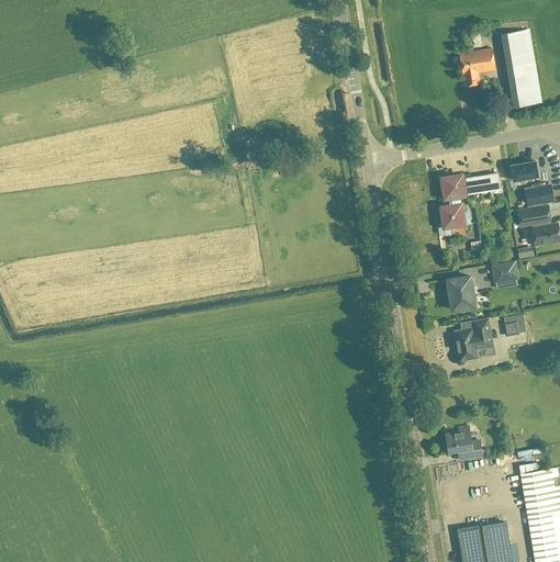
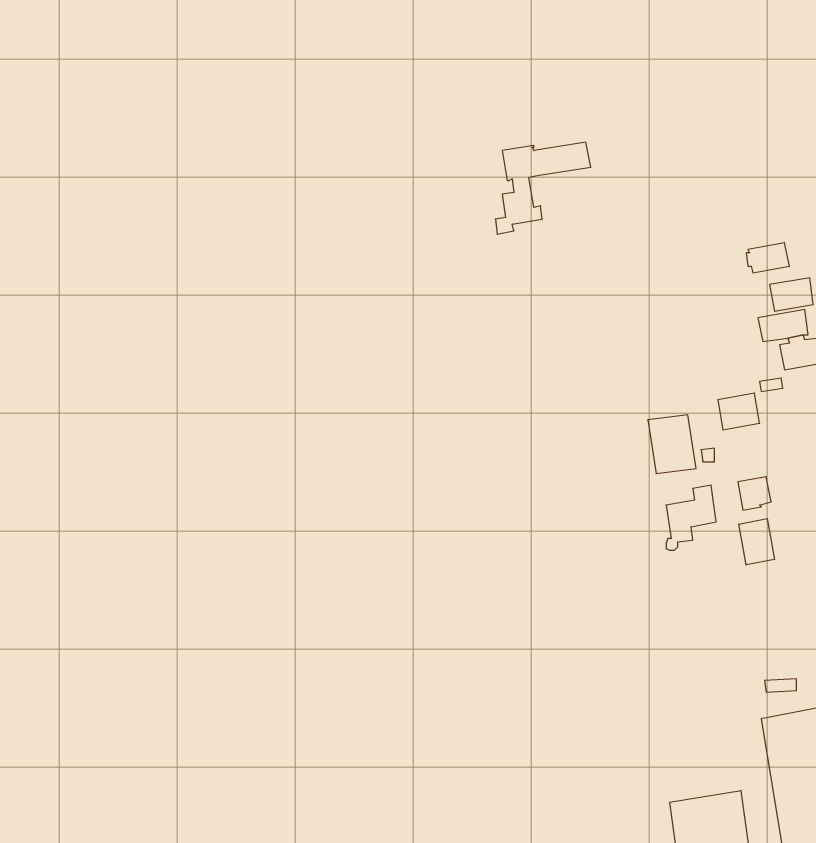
building: [500,30,541,108] -> none
building: [459,48,495,86] -> none
building: [437,173,500,234] -> [495,142,591,234]
building: none -> [739,519,774,565]
building: [446,426,482,460] -> none

